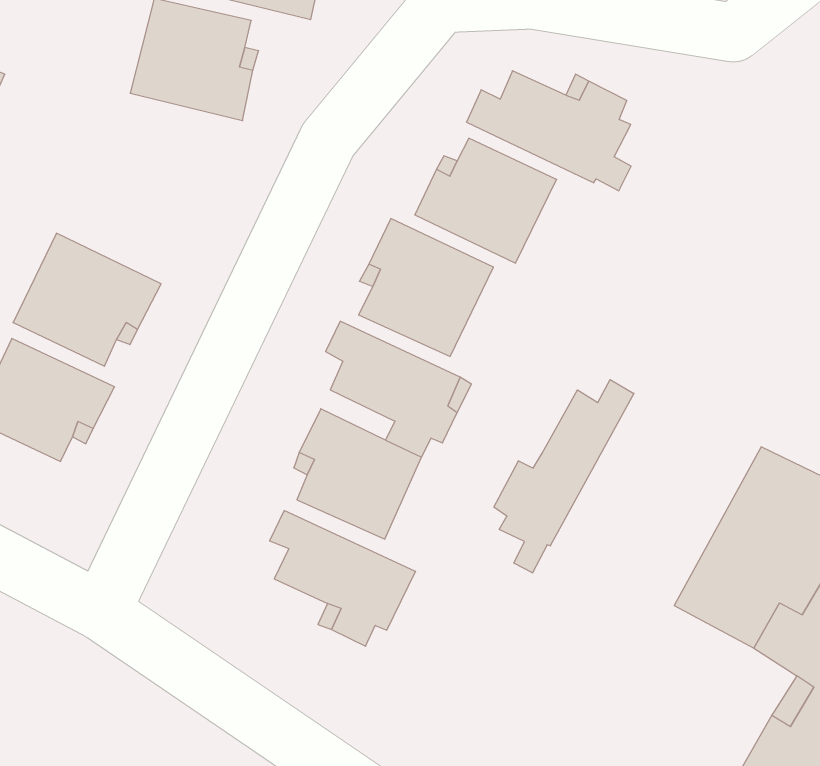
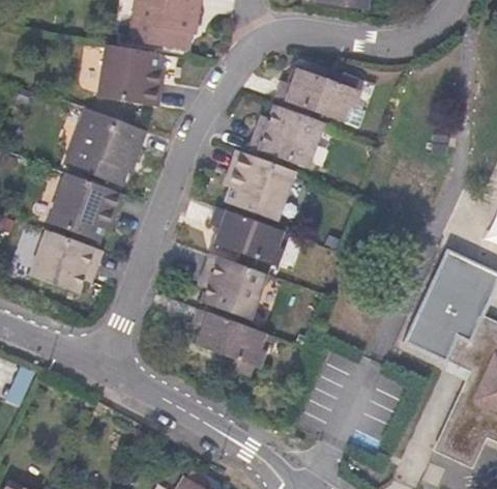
building: none -> [66,109,145,184]
building: [494,380,634,573] -> none

